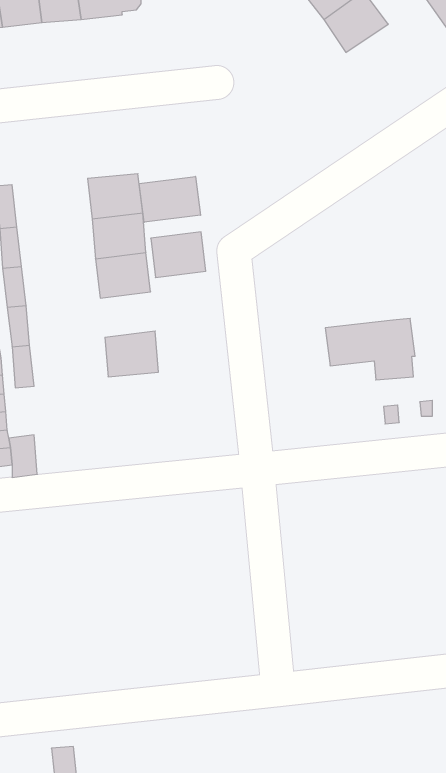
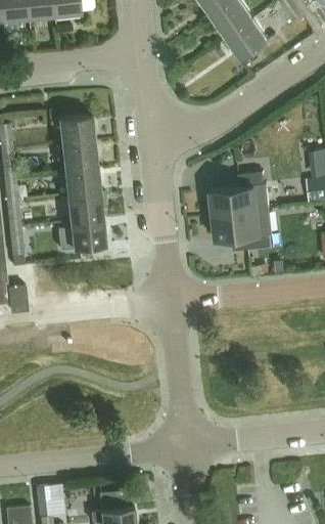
building: none -> [226,17,269,58]
building: [139,176,201,222] -> none
building: [151,232,206,278] -> [66,191,102,221]
building: none -> [210,172,268,215]

